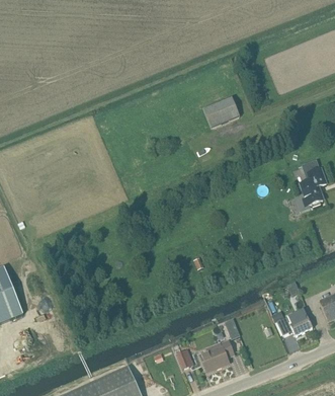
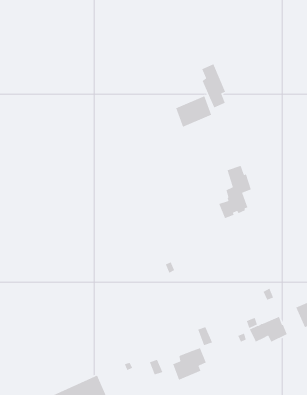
building: none -> [201,63,226,108]
building: [294,158,326,211] -> [218,165,252,219]

